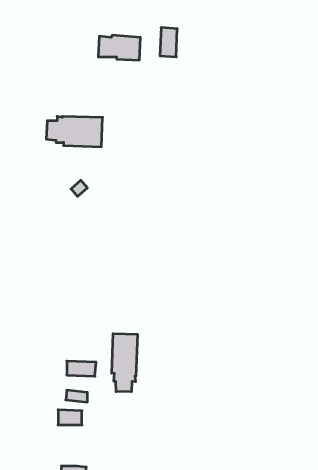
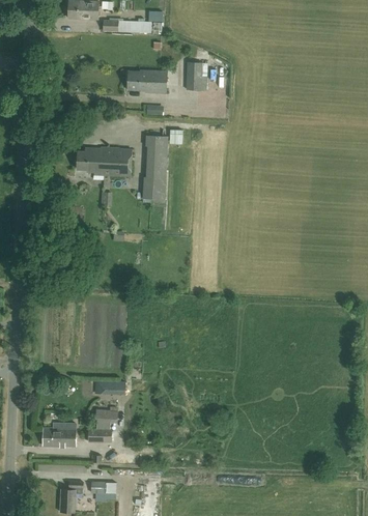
building: none -> [142,135,167,198]
building: [112,334,137,392] -> none
building: none -> [43,422,76,446]

